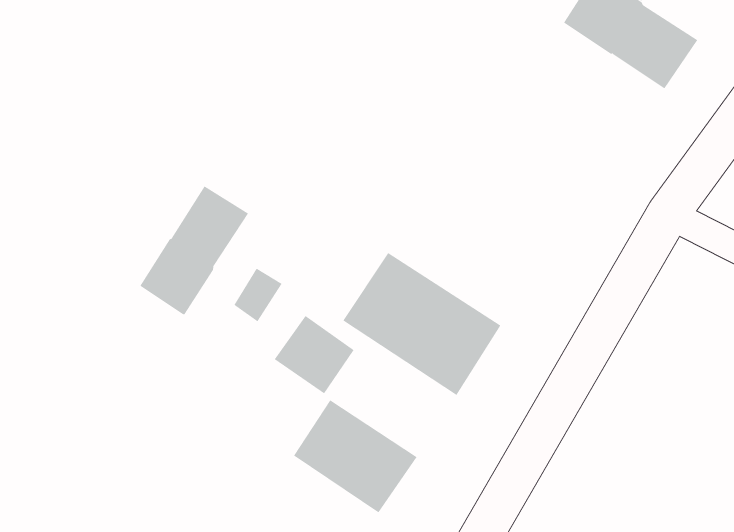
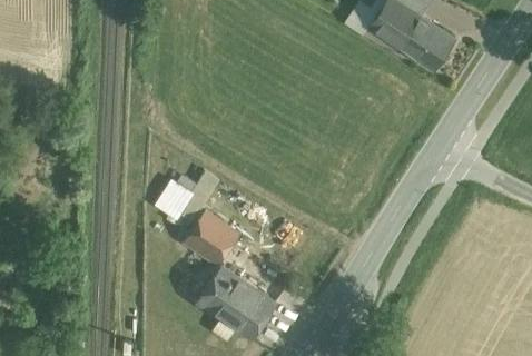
building: [140,186,249,315] -> none
building: [343,252,501,396] -> none

